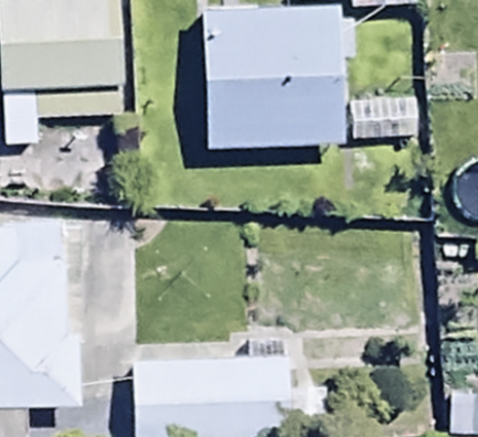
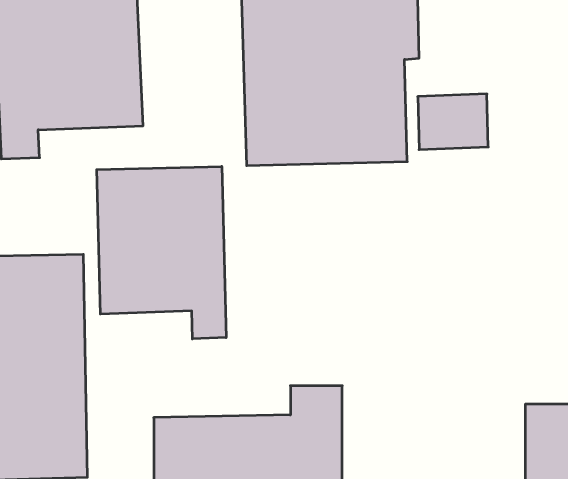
building: none -> [97,166,226,339]

